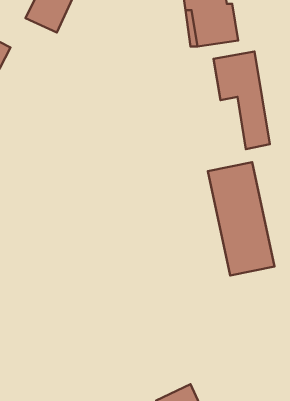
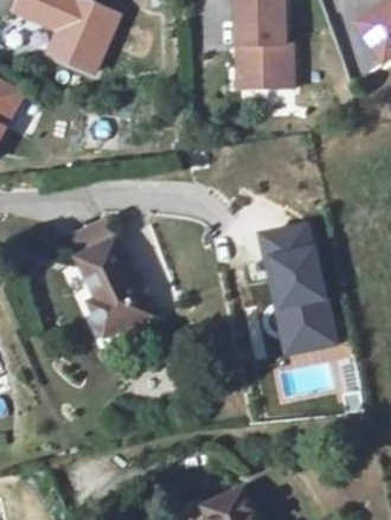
building: [214,52,270,149] -> none
building: none -> [71,243,149,342]

